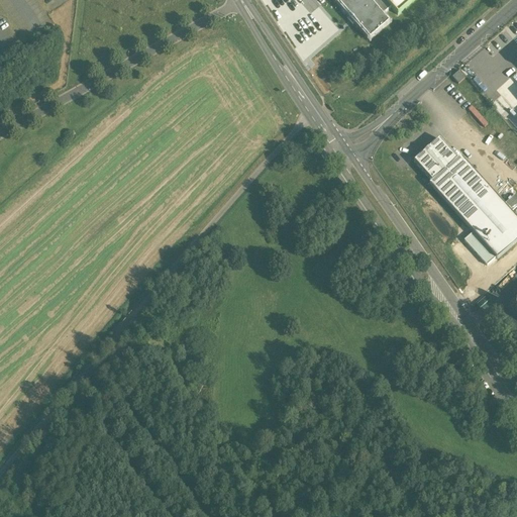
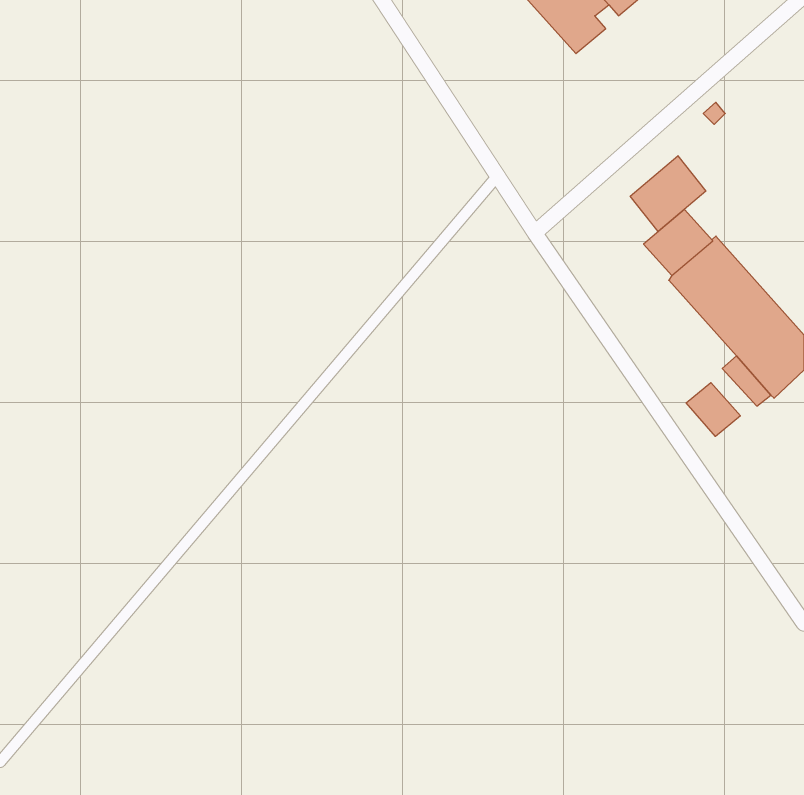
building: none -> [630,156,706,231]
building: none -> [686,383,740,436]

